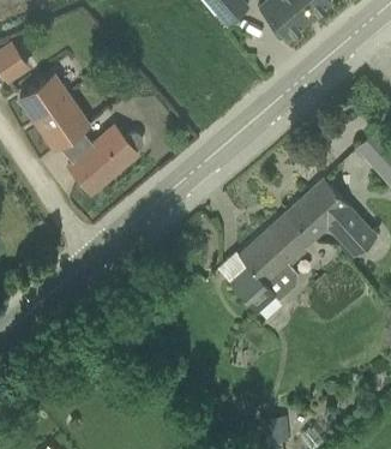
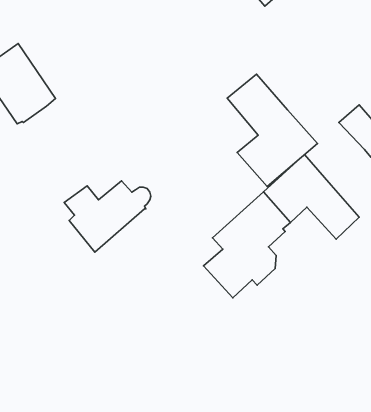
building: none -> [227,74,317,186]
building: [60,127,142,194] -> [64,181,151,252]

